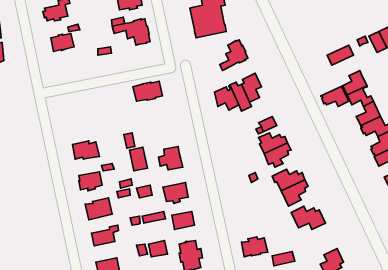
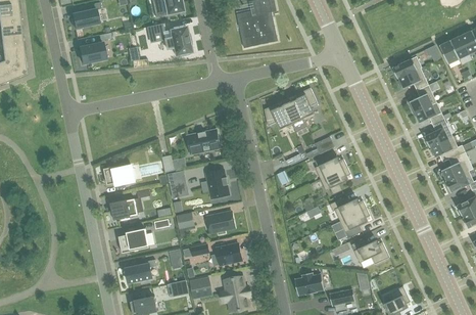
building: [220,40,248,71] -> none
building: [133,81,163,101] -> [186,130,220,152]
building: [321,86,349,107] -> [396,66,428,90]

